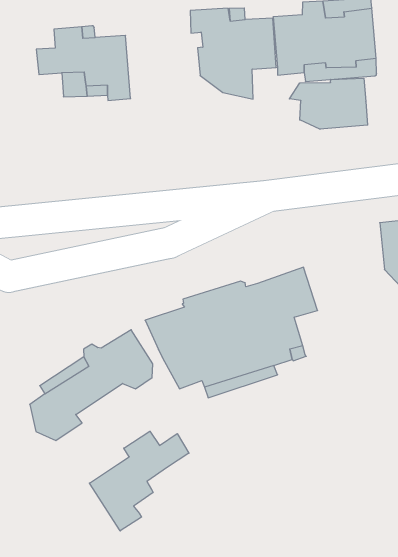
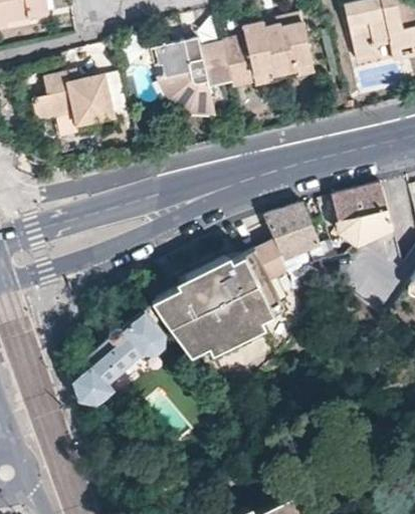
building: [289,78,368,129] -> none
building: none -> [263,203,321,272]
building: [89,431,189,531] -> none

